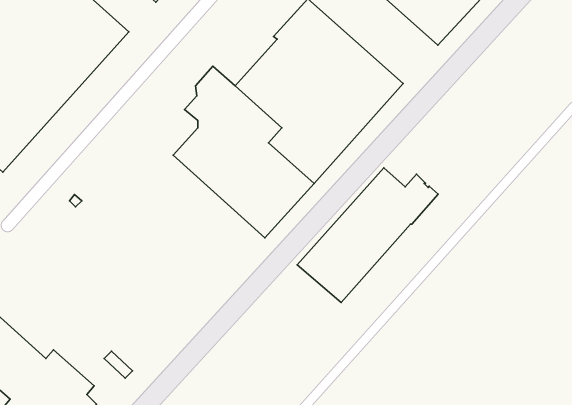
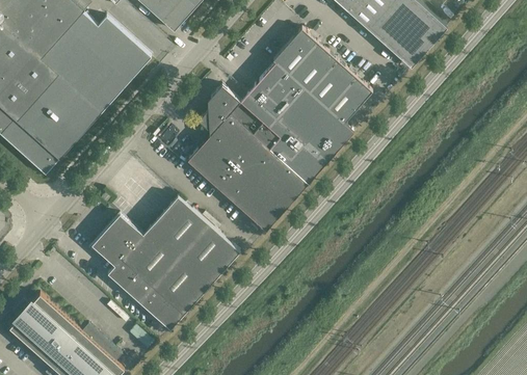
building: [297,168,438,303] -> none
building: none -> [90,196,239,330]

